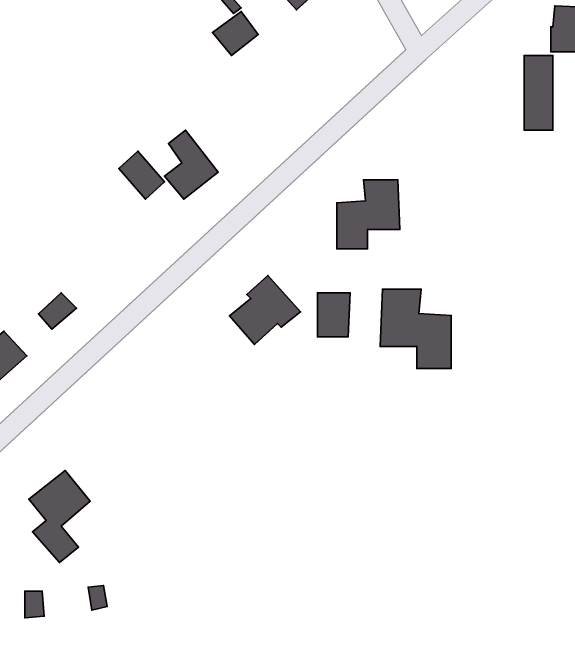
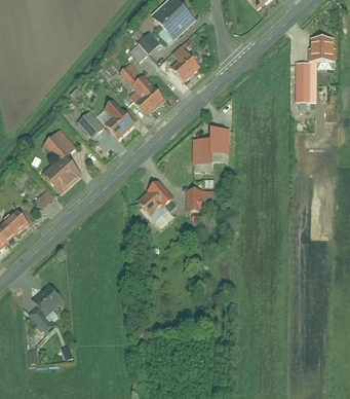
building: none -> [171,53,199,81]
building: none -> [119,65,164,114]
building: none -> [43,133,79,188]
building: [380,289,451,368] -> none

